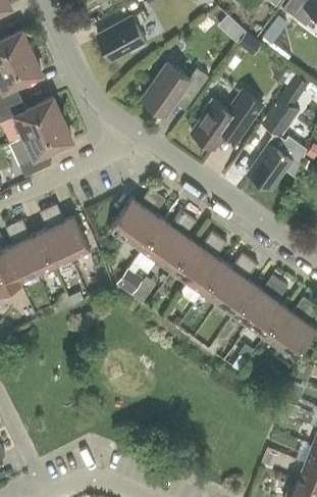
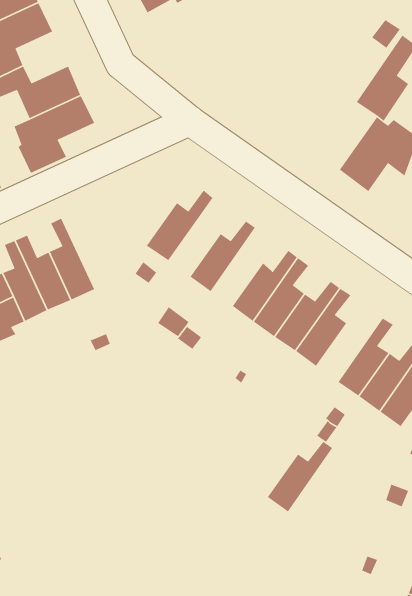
building: [142,62,208,114] -> none
building: [192,91,263,149] -> none
building: [125,194,166,251] -> none
building: [48,204,90,260] -> none
building: [156,215,197,272] -> none
building: [232,276,280,328] -> [267,441,333,513]

